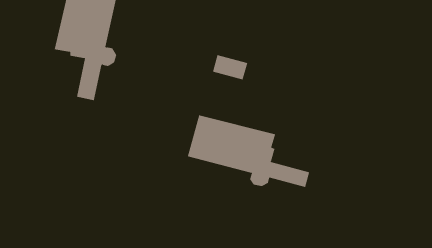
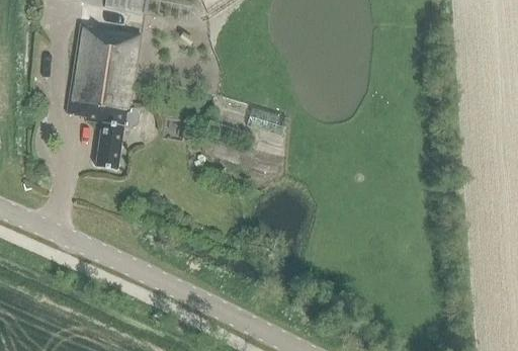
building: [187,114,310,188] -> none

